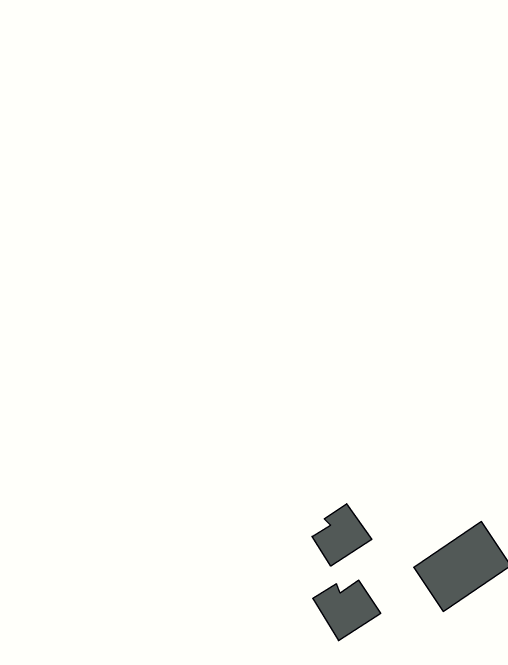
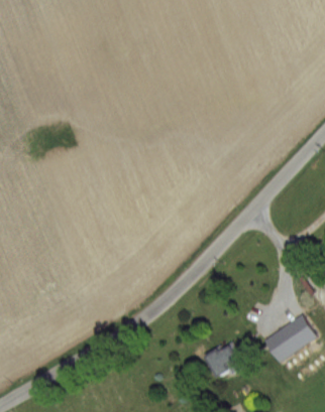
building: [312,504,372,566] -> none

